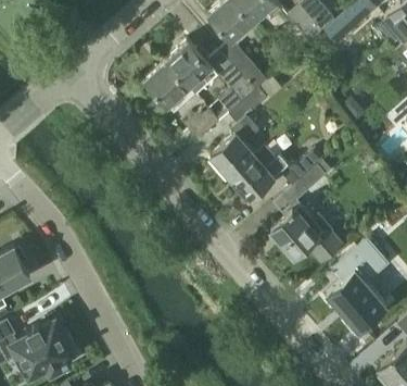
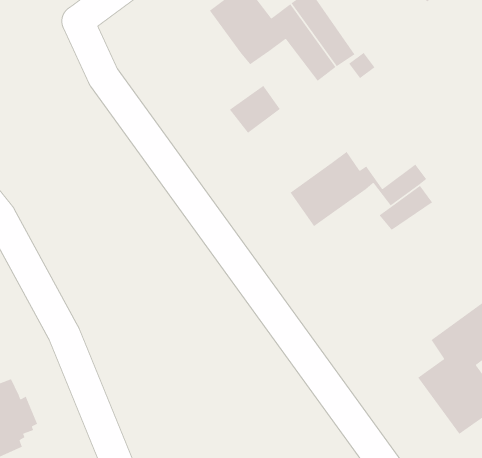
building: [144,62,195,114] -> none
building: [211,90,267,179] -> none
building: [271,202,344,265] -> none

